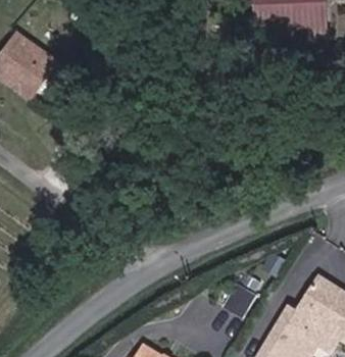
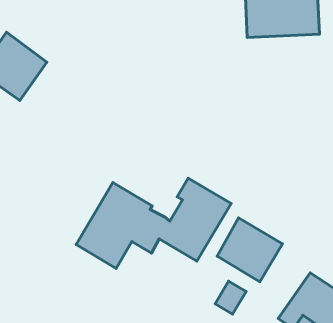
building: none -> [76,178,231,268]
building: none -> [217,218,283,282]

